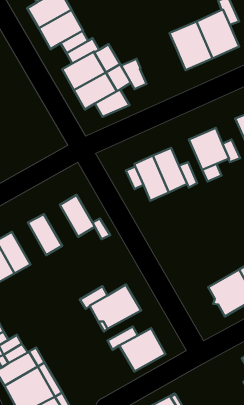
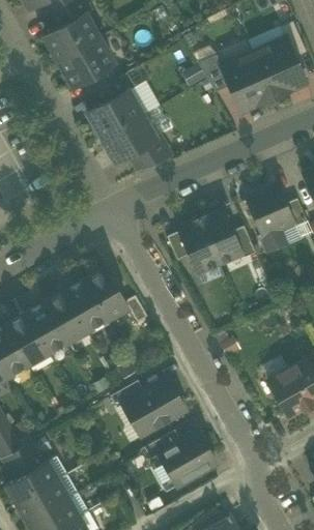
building: [121,59,146,89] -> [198,56,229,93]
building: none -> [65,281,108,331]
building: none -> [26,302,68,354]

